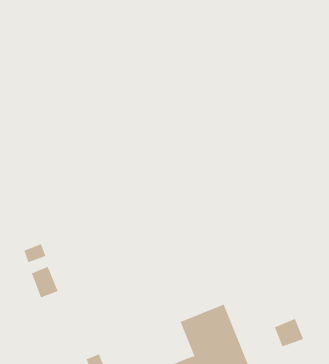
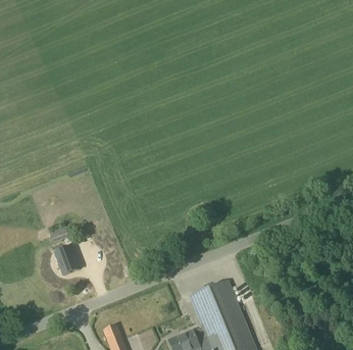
building: [274,318,304,347] -> none

